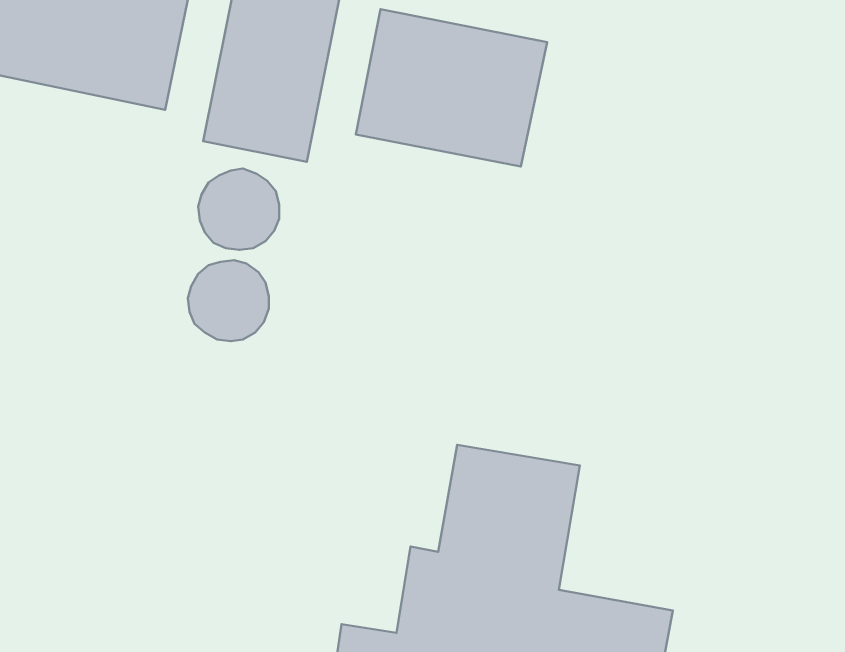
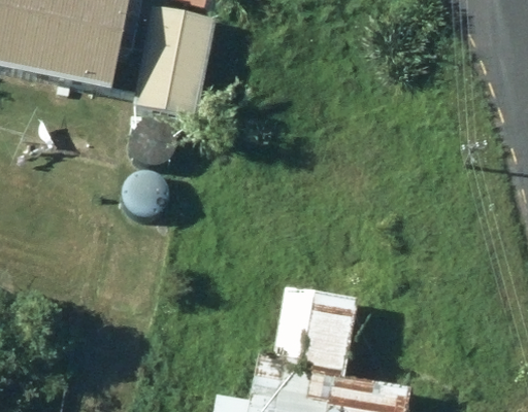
building: [356,9,547,167] -> none

